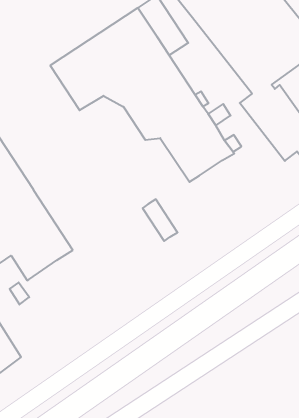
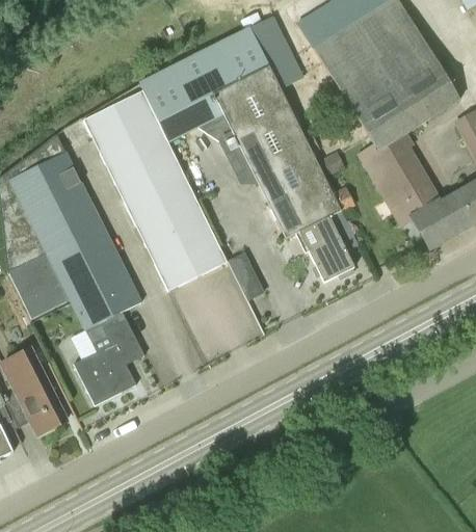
building: none -> [84,90,227,291]
building: none -> [299,211,360,282]
building: none -> [73,311,142,404]

